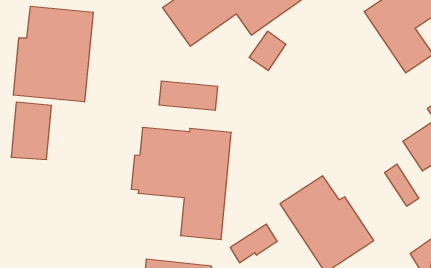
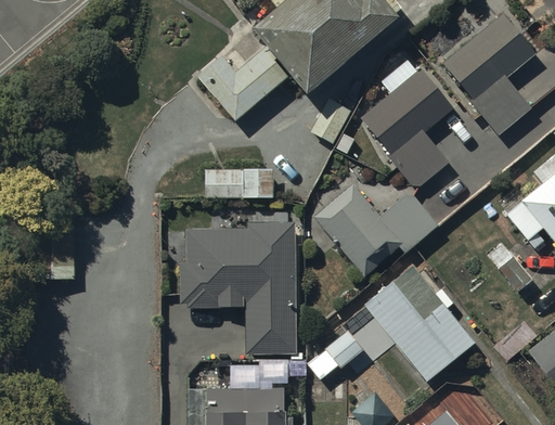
building: [14,6,93,102] -> none
building: none -> [364,69,450,181]
building: none -> [313,180,436,273]

